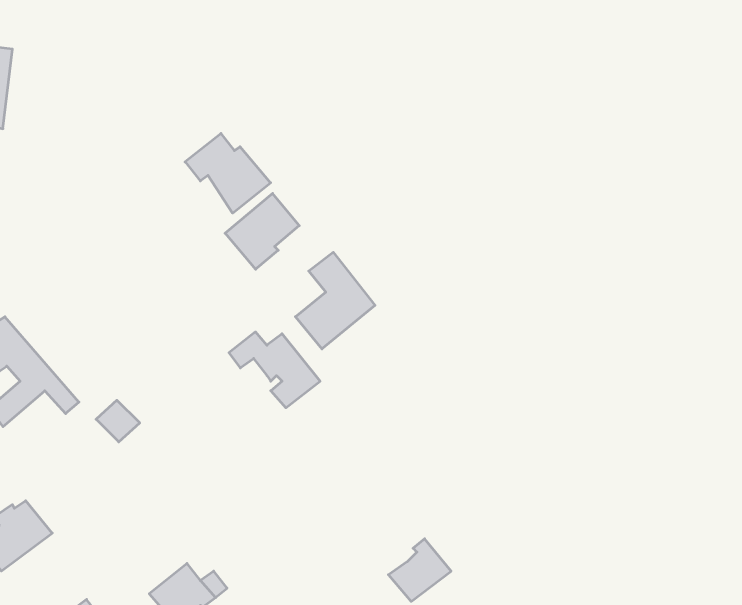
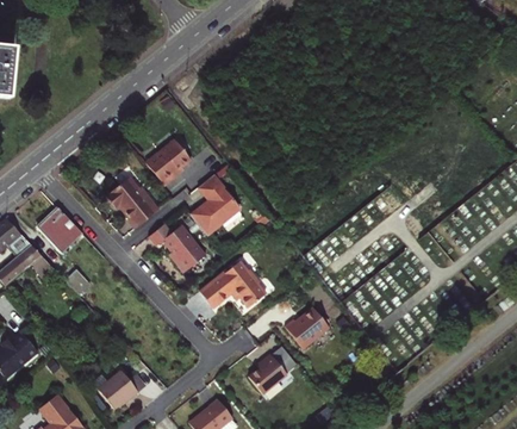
building: [185,133,271,213] -> [105,178,158,228]
building: none -> [37,206,82,253]
building: none -> [199,261,266,307]
building: none -> [286,305,330,348]

